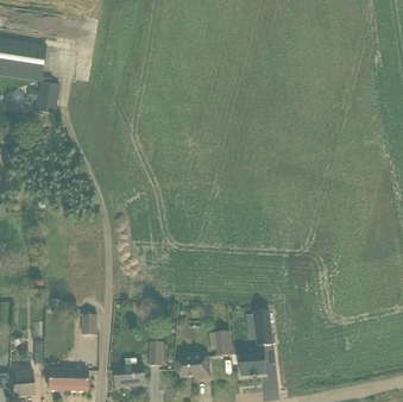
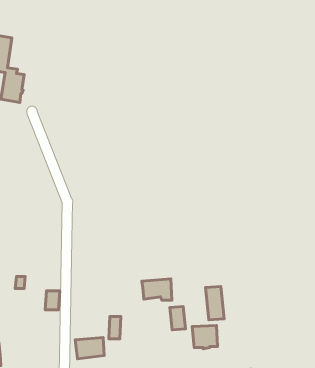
building: [178,356,210,378] -> [142,279,172,300]
building: [49,369,87,389] -> none

